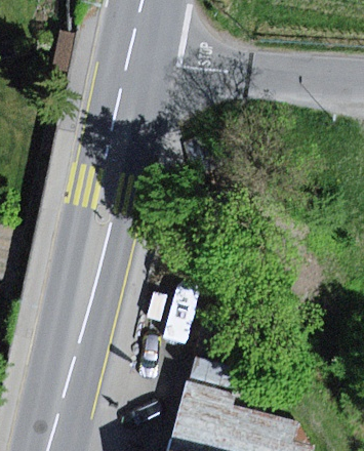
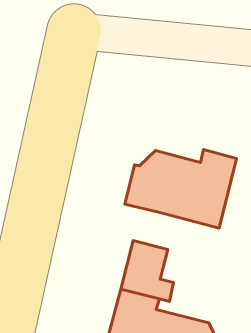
building: none -> [125,150,237,228]

